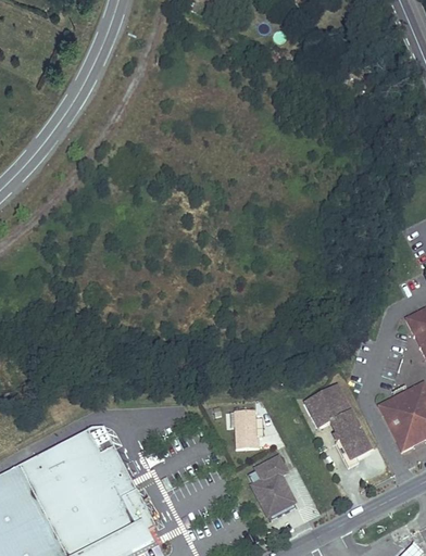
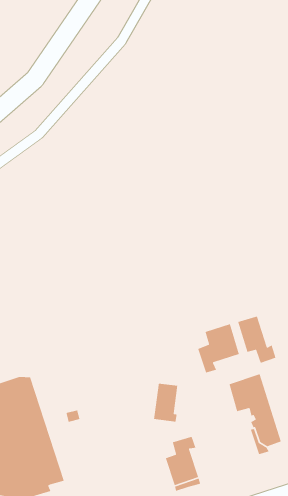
building: none -> [237,316,276,364]
building: none -> [197,323,240,374]

